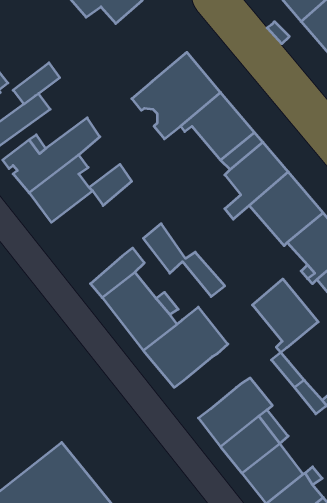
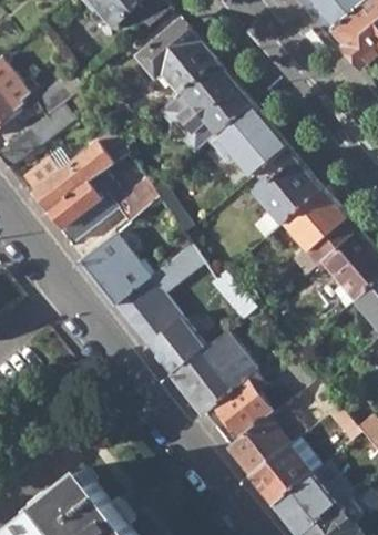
building: none -> [135,20,214,92]
building: none -> [79,233,146,303]
building: [252,279,318,353] -> none
building: none -> [214,377,272,434]

